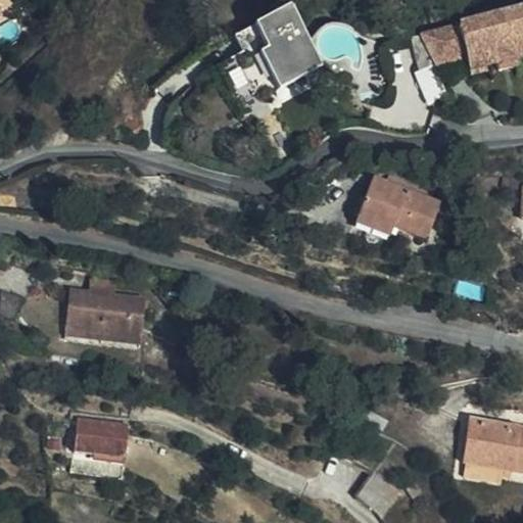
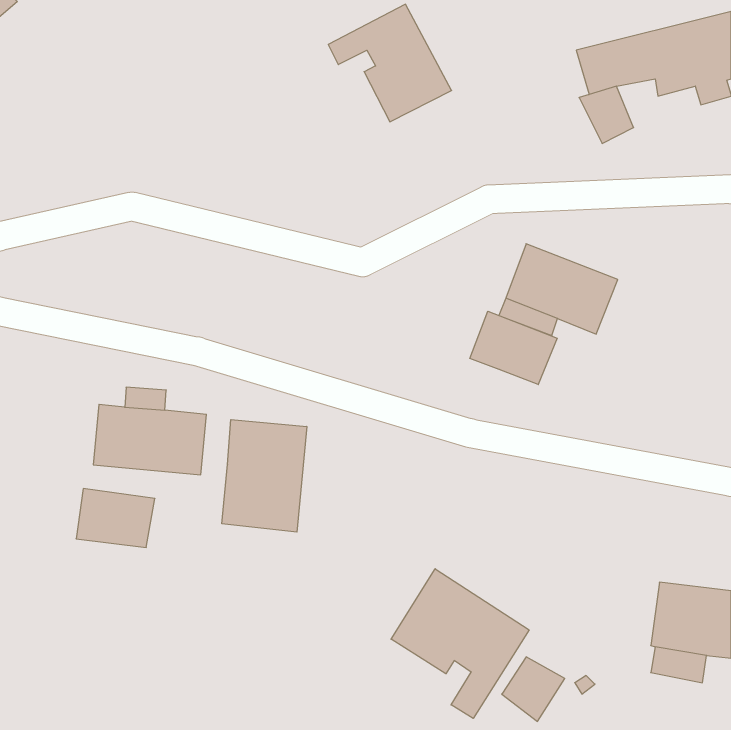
building: none -> [470,311,557,385]
building: none -> [222,420,307,532]
building: none -> [391,569,529,718]
building: [75,416,131,458] -> [76,489,155,547]

